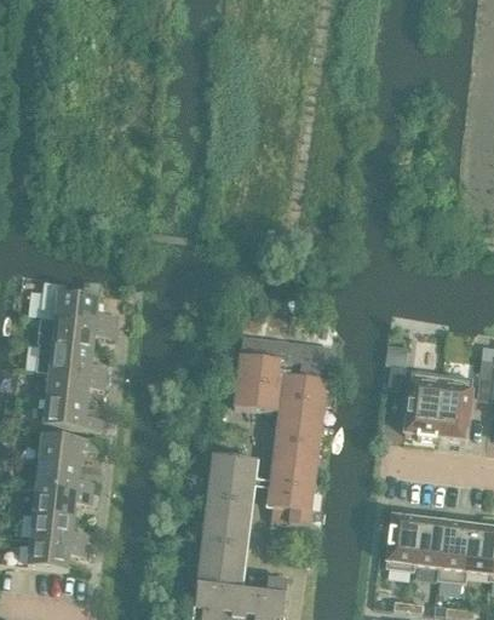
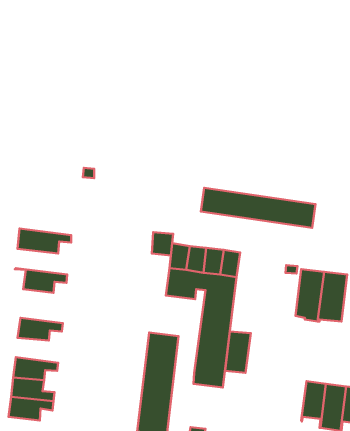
building: none -> [201,188,315,228]
building: [41,282,110,325] -> none
building: none -> [152,232,173,255]
building: [36,343,105,377] -> none
building: [44,396,99,426] -> none
building: [36,460,93,493] -> none
building: [385,515,419,569] -> [225,331,251,373]

